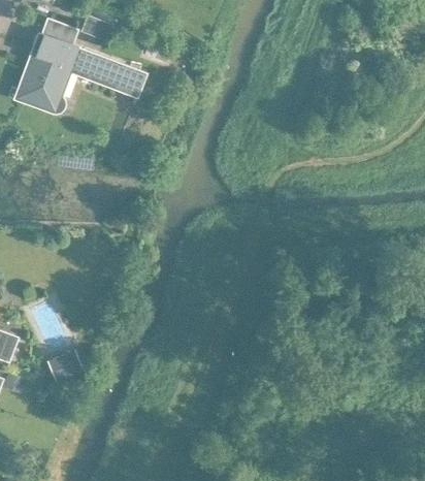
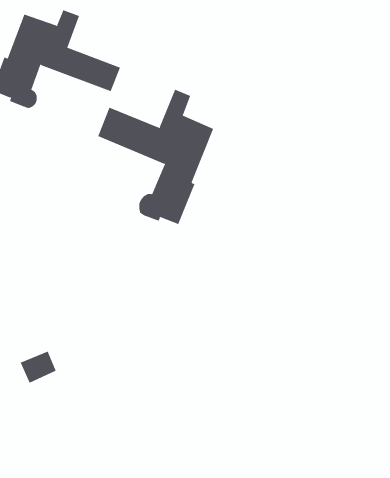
building: none -> [97,89,214,225]

